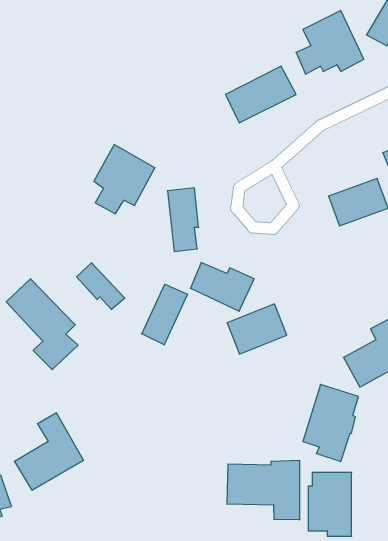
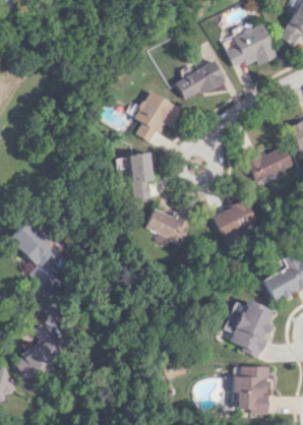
building: [94,145,155,214] -> [134,90,180,142]
building: [77,263,125,310] -> none
building: [142,284,188,345] -> none
building: [227,304,287,354] -> [217,201,261,239]
building: [227,460,299,520] -> none

